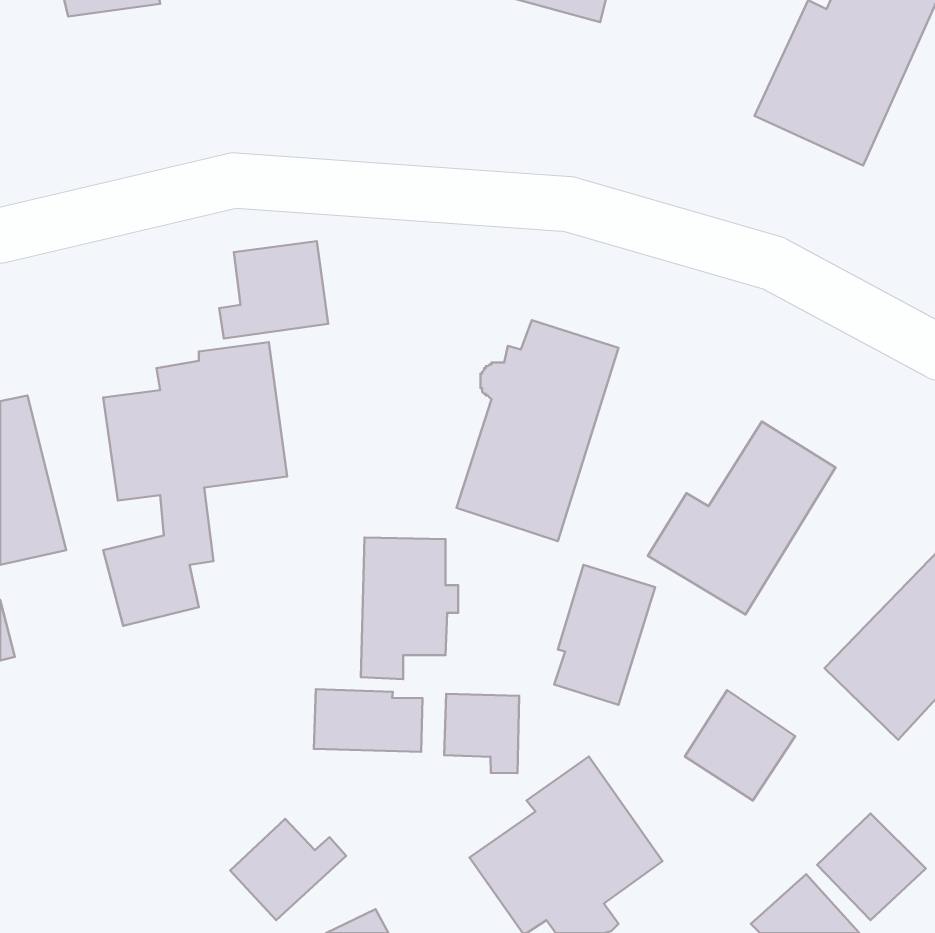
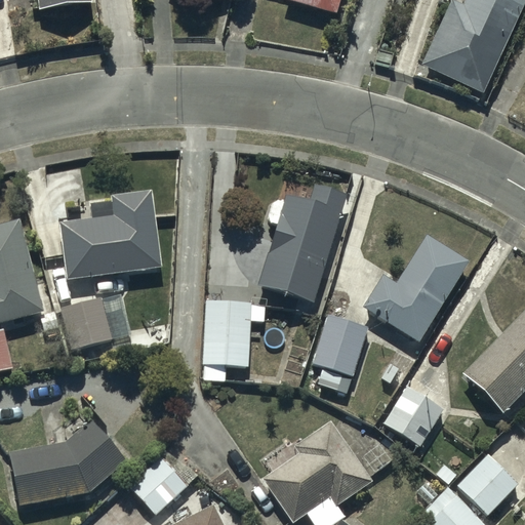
building: [219,241,328,338] -> none
building: [314,689,423,752] -> none
building: [444,694,519,773] -> none
building: none -> [7,420,124,506]

